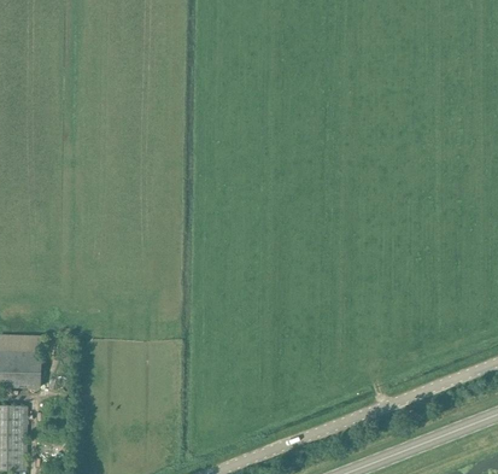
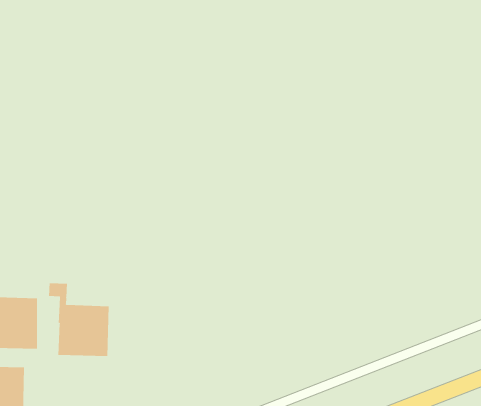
building: none -> [49,282,109,357]

